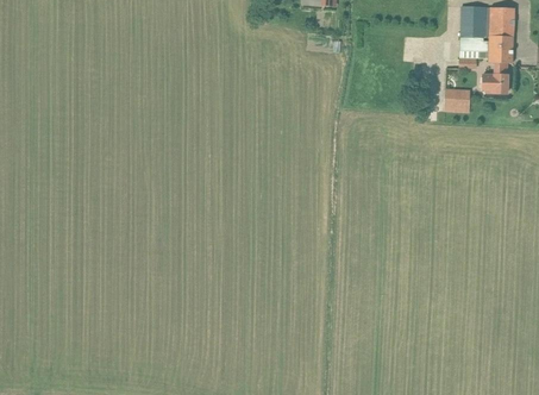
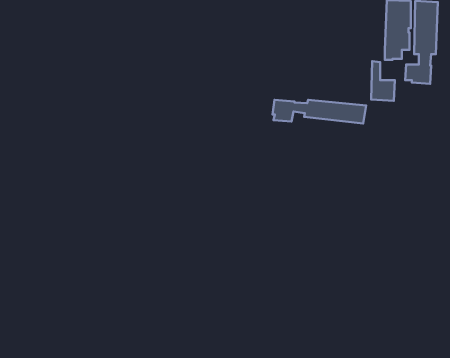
building: none -> [272,100,366,124]

